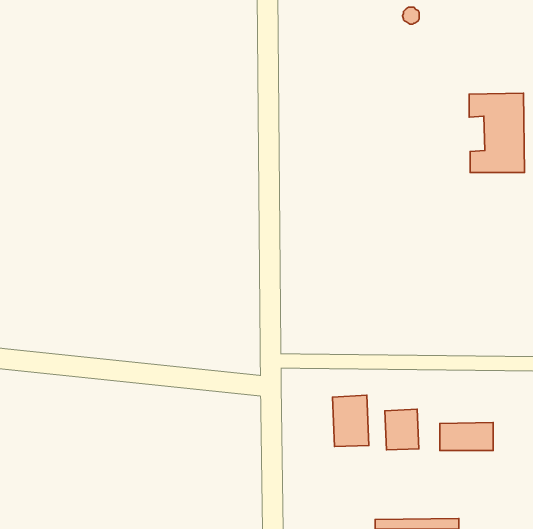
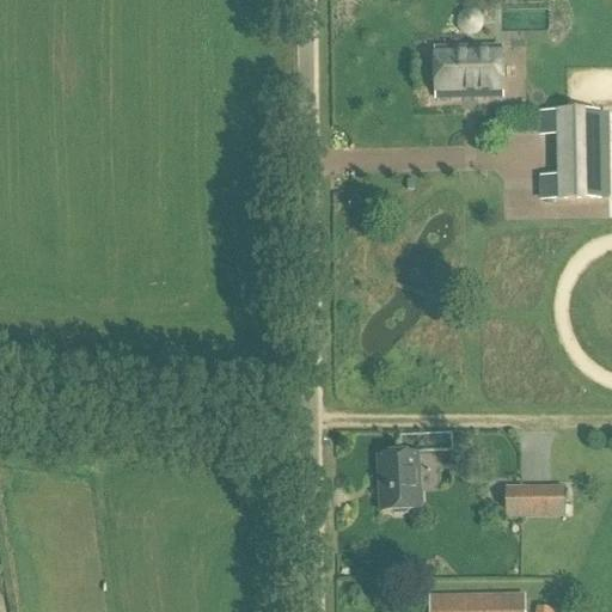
building: none -> [432,41,507,97]
building: [385,409,419,450] -> none

